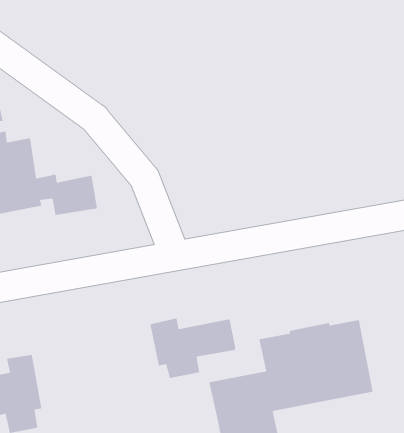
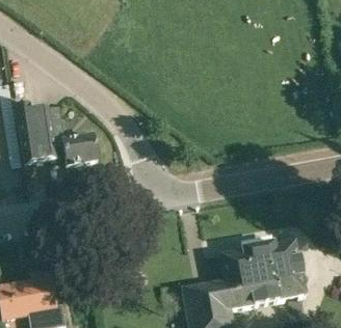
building: [150,318,236,379] -> none

